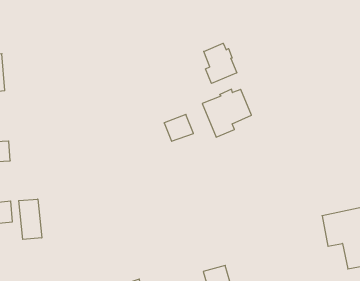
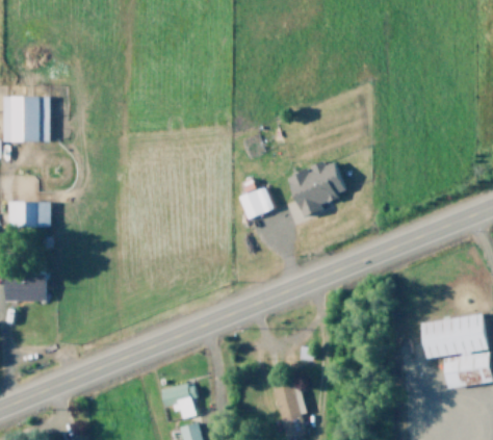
building: [204,43,237,83] -> none
building: [19,199,42,239] -> none

